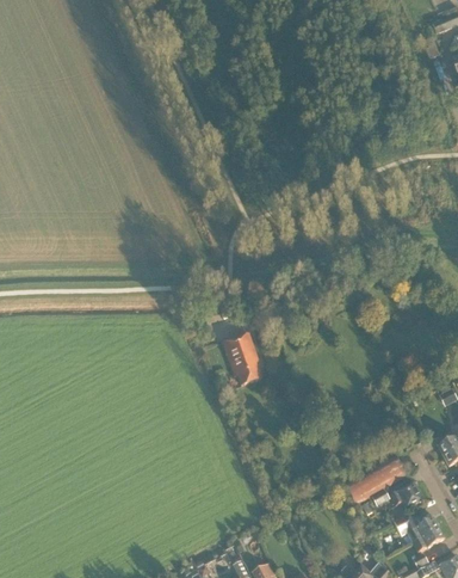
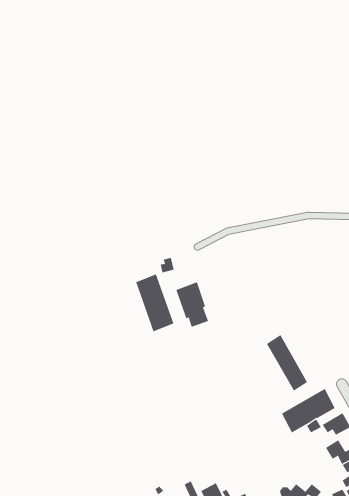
building: none -> [135,274,174,332]
building: none -> [266,334,308,391]

